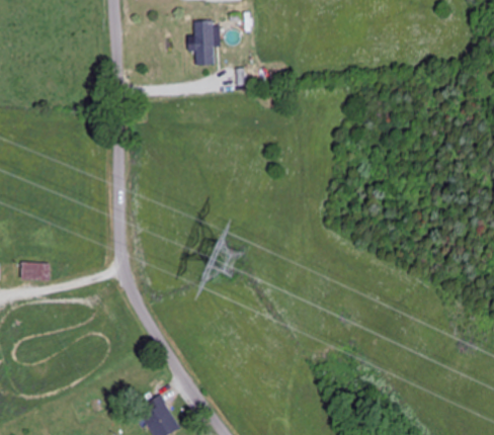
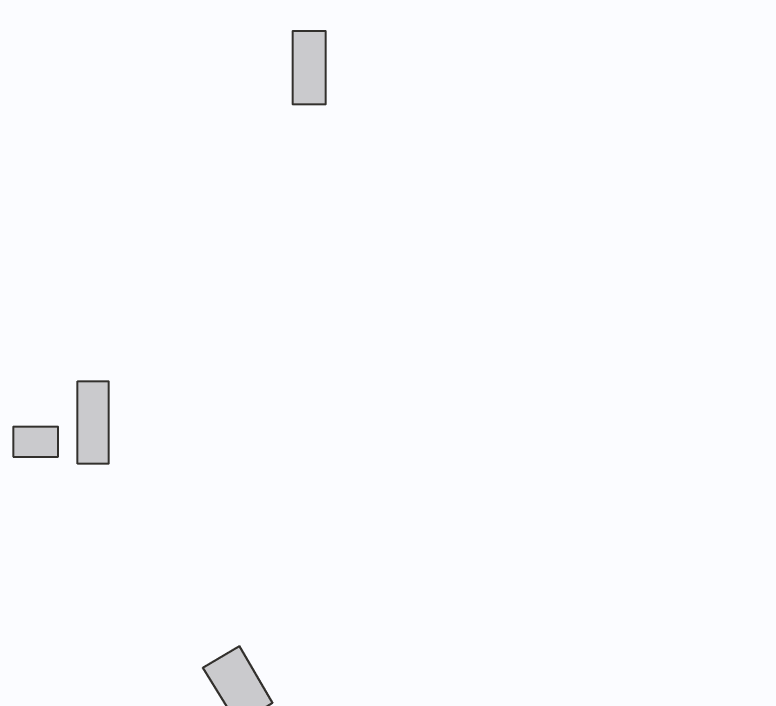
building: none -> [78,381,109,464]

